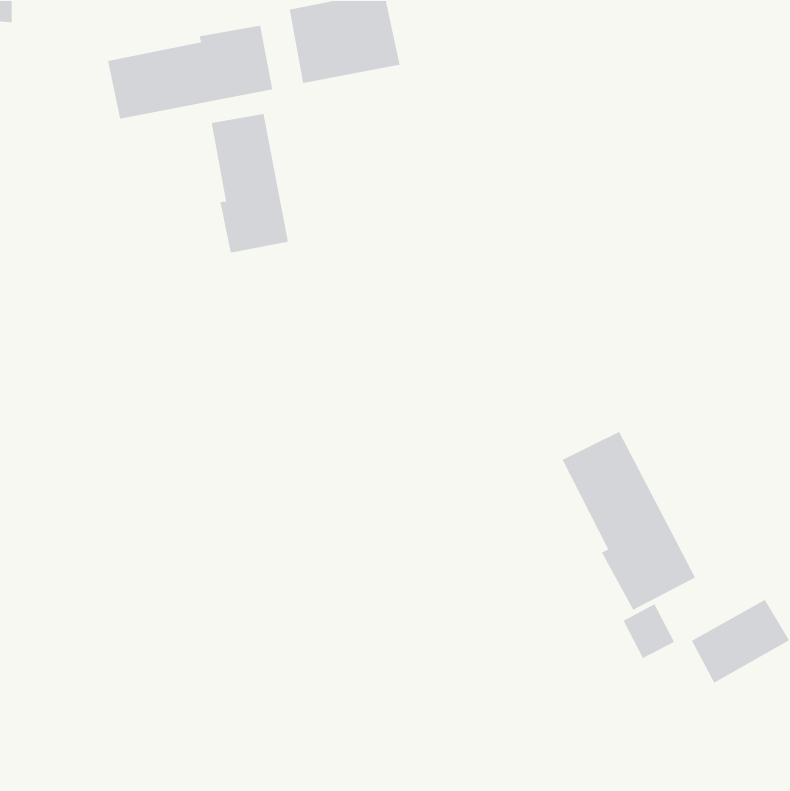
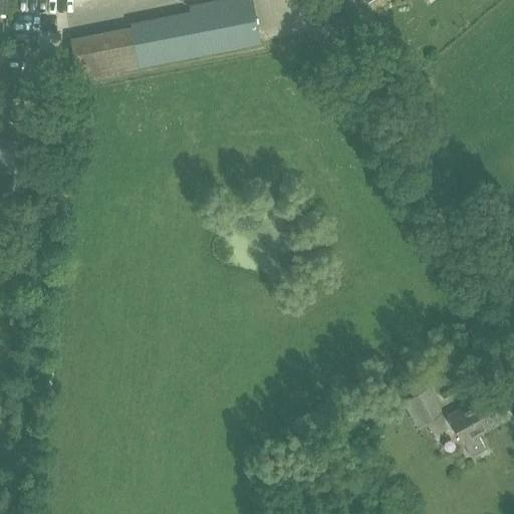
building: [211,113,289,253] -> none
building: [561,431,696,611] -> none

